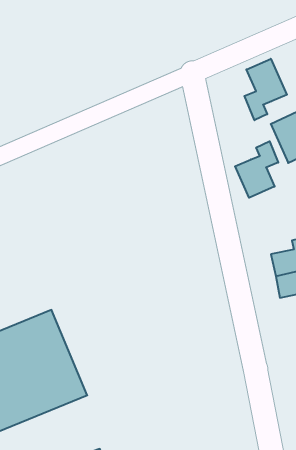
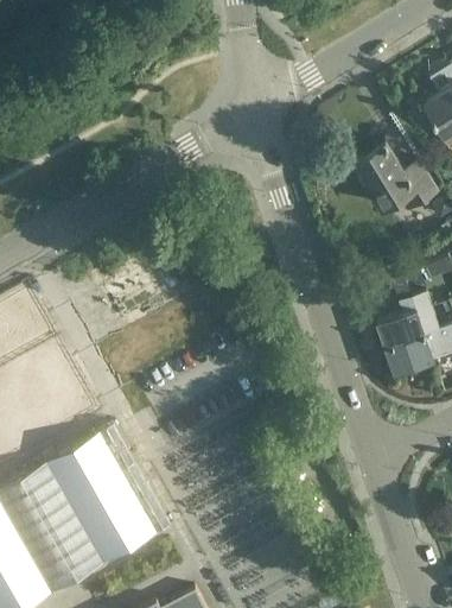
building: [244,59,287,120] -> none
building: [235,141,278,198] -> none

